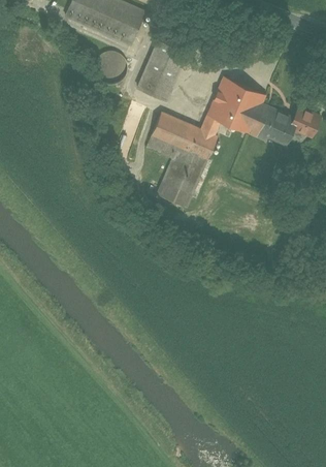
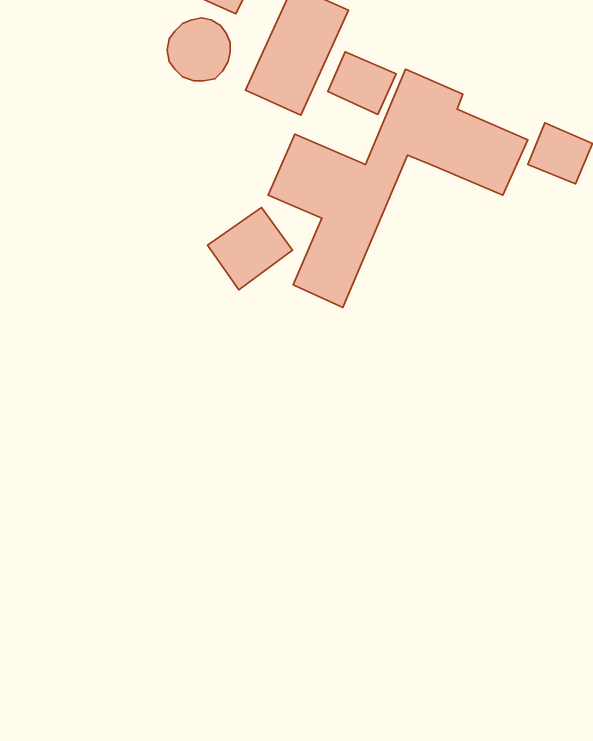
building: none -> [328,52,396,115]
building: none -> [208,208,293,290]

